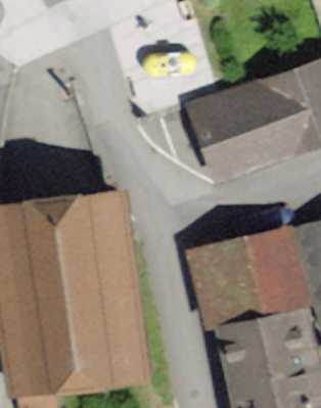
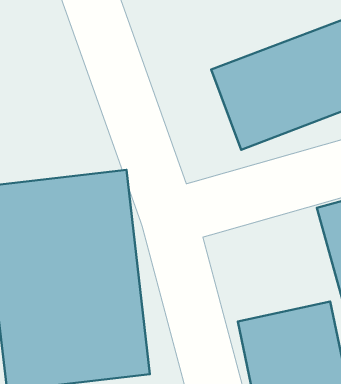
building: [195,234,303,325] -> none

